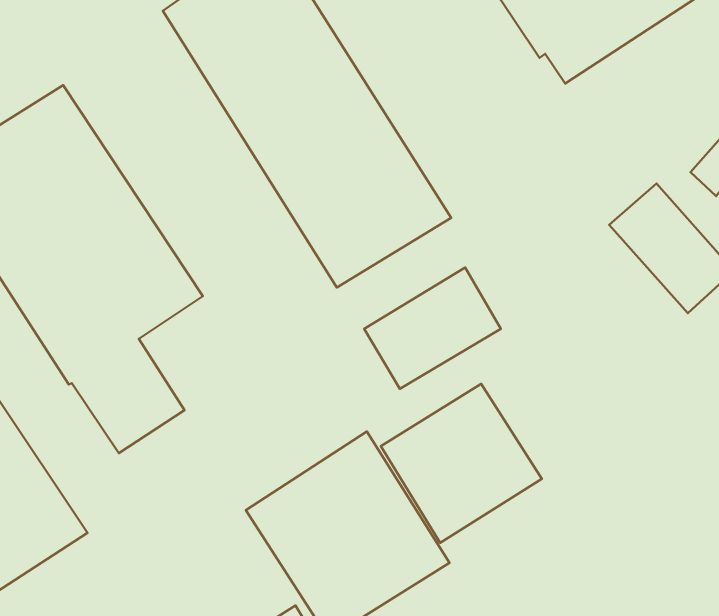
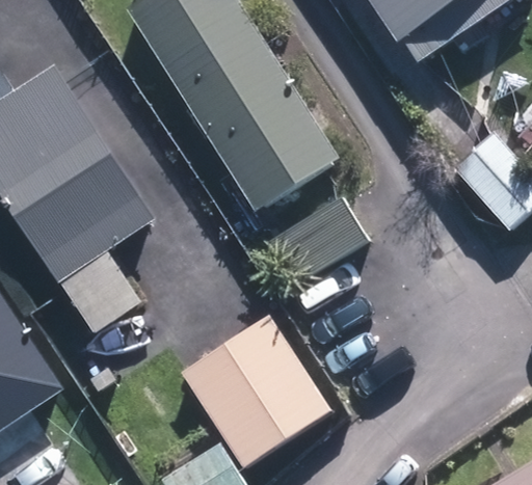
building: [381,384,542,543] -> none

